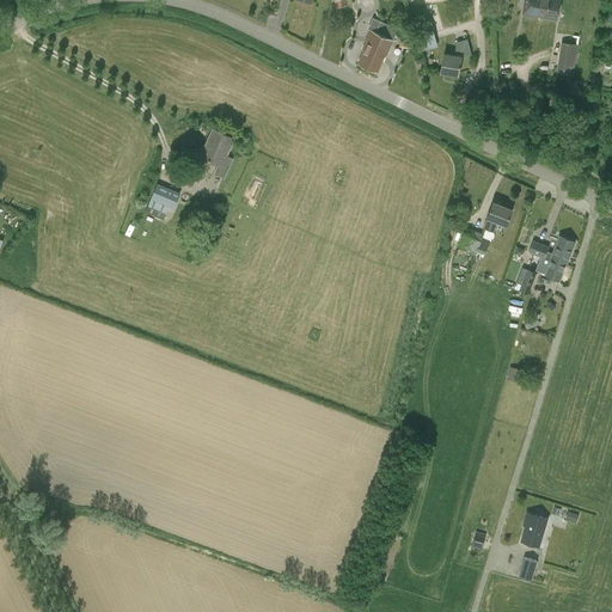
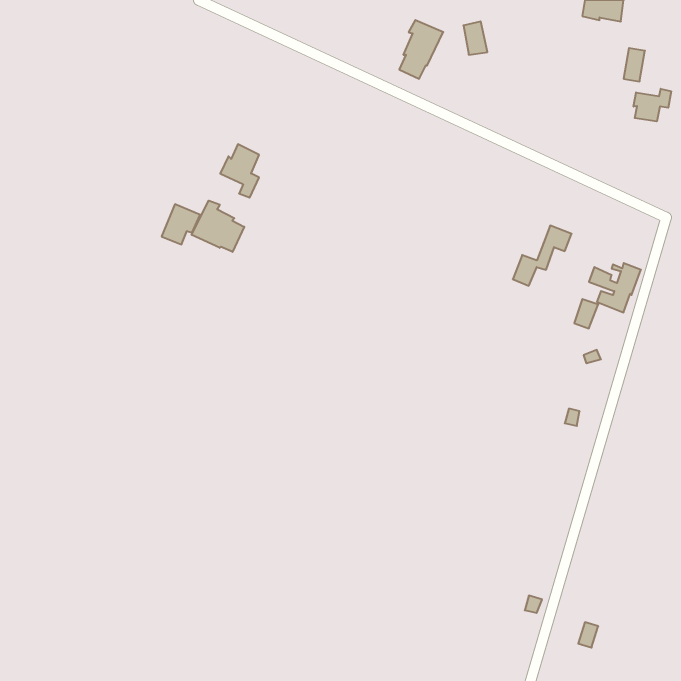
building: [440,41,470,75] -> none
building: none -> [634,89,671,121]
building: none -> [192,201,244,252]
building: [520,514,545,546] -> none

